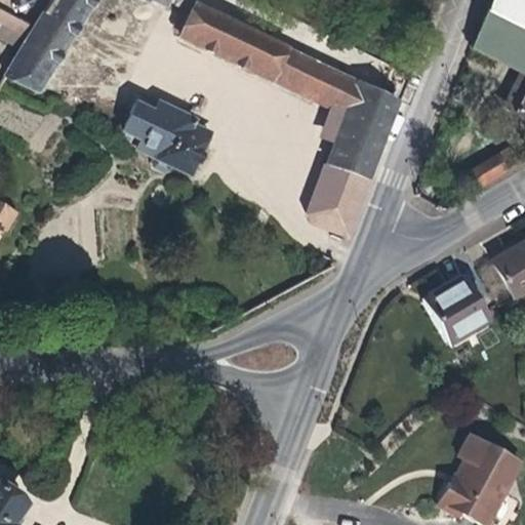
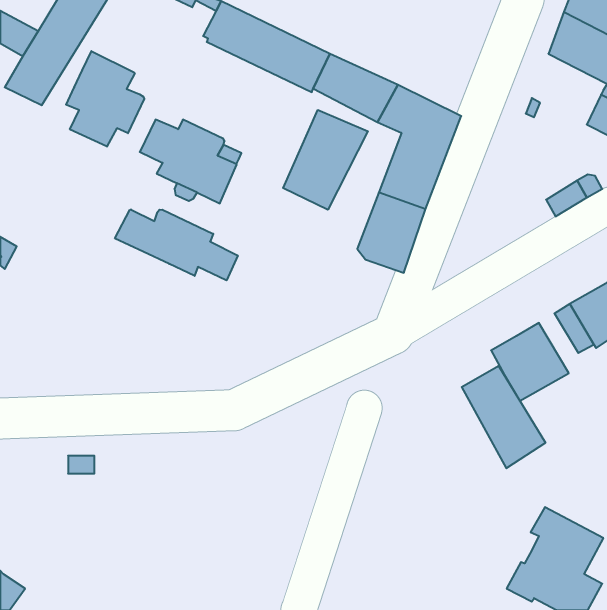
building: none -> [66,51,144,147]
building: none -> [283,110,368,210]
building: none -> [115,209,238,280]
building: none -> [462,366,545,468]

